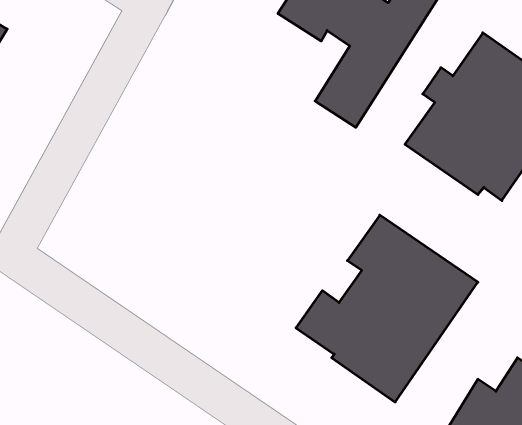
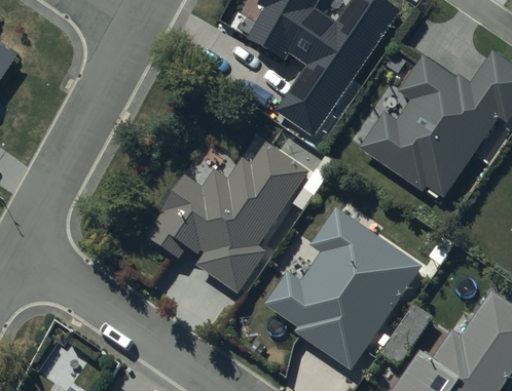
building: none -> [144,144,306,292]

